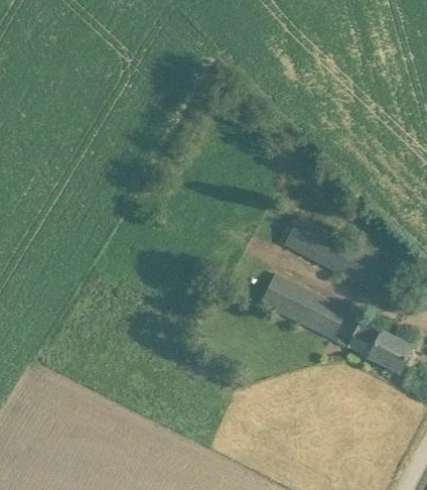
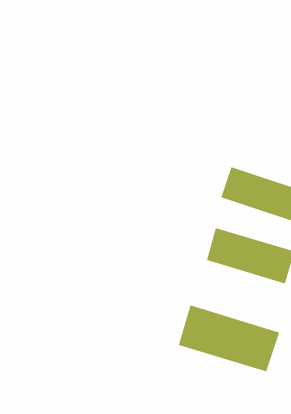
building: none -> [178,305,280,372]

